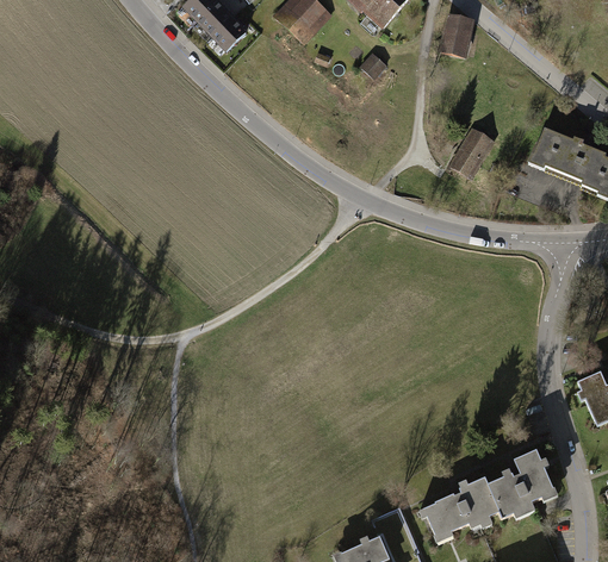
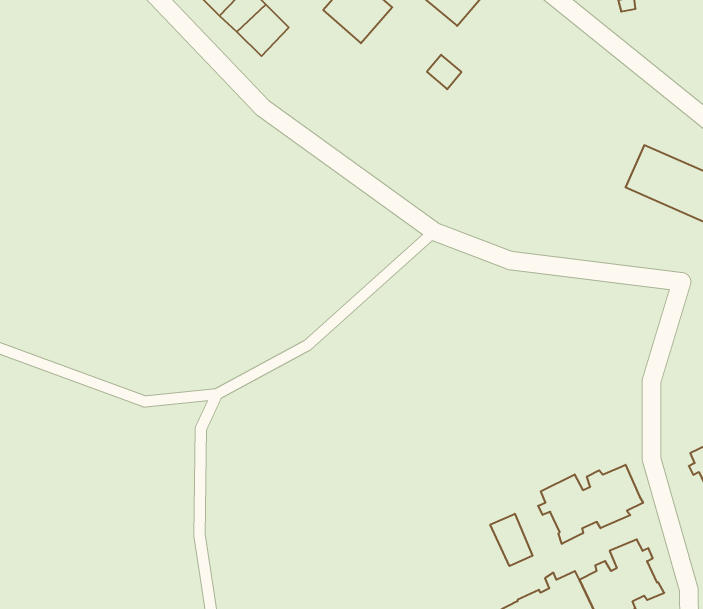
building: [443,14,477,57] -> none
building: [446,125,496,182] -> none
building: none -> [538,465,643,544]
building: none -> [490,514,533,566]

